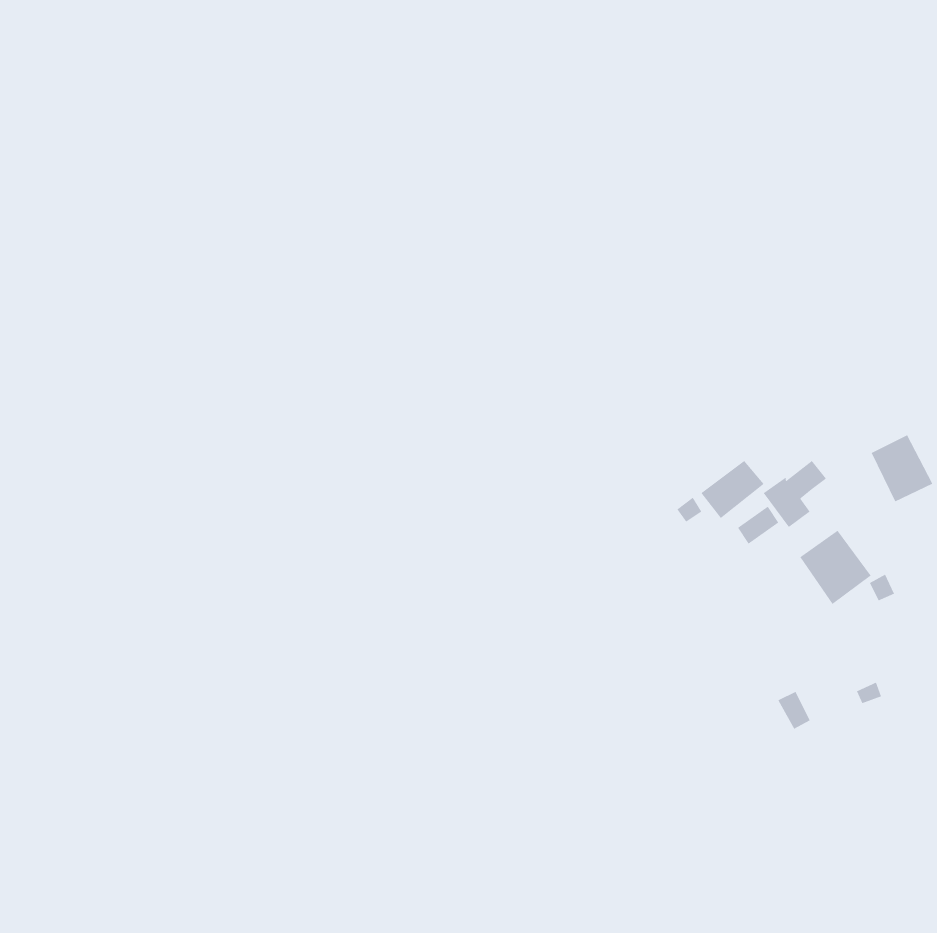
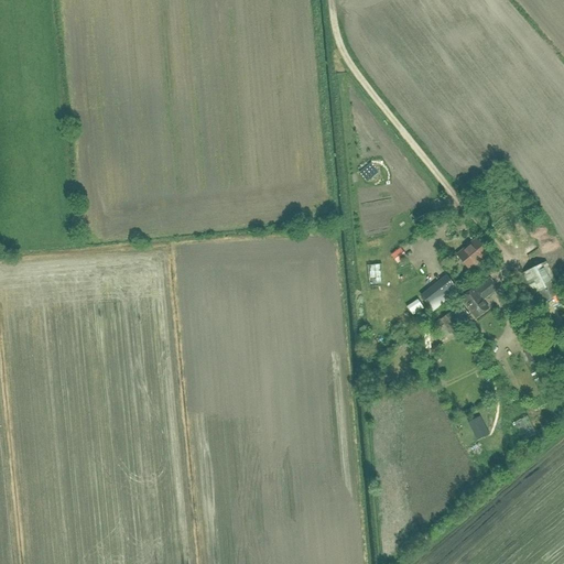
building: none -> [456,237,487,268]
building: [799,530,871,605] -> none

